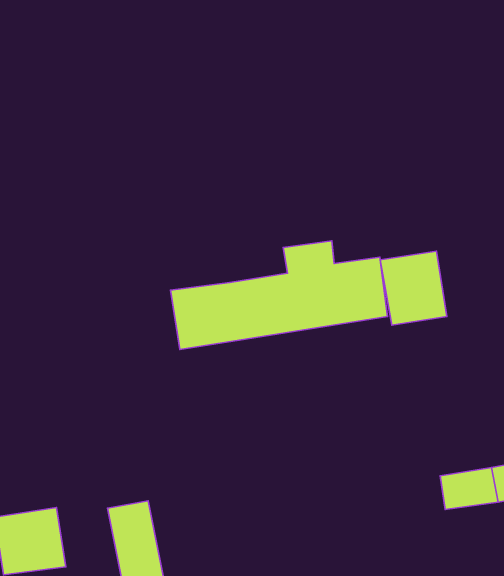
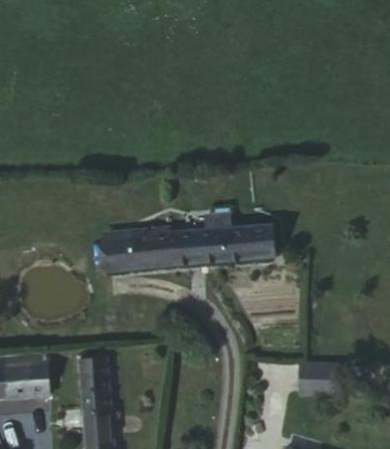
building: [380,251,447,325] -> none
building: none -> [111,229,137,269]

